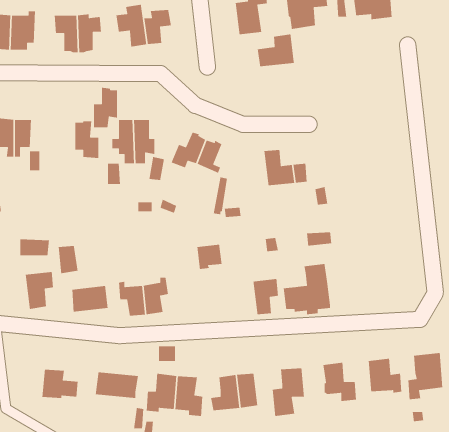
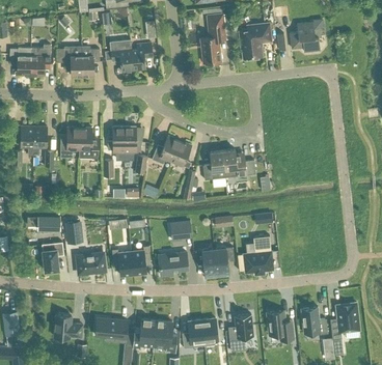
building: [257,33,295,67] -> none
building: [93,87,118,128] -> [60,125,79,157]
building: none -> [202,149,225,179]
building: none -> [195,248,217,275]
building: none -> [158,251,188,275]

